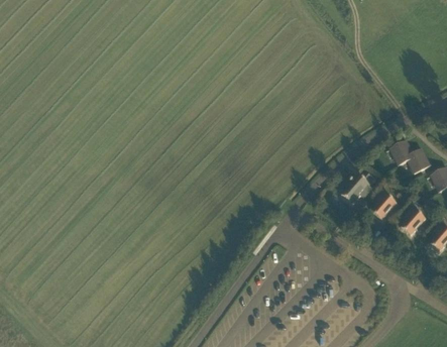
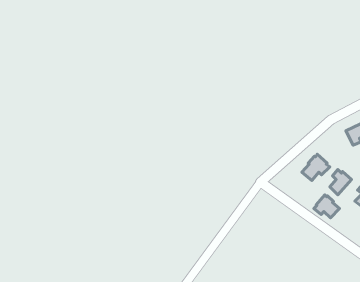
building: none -> [314,195,339,218]

